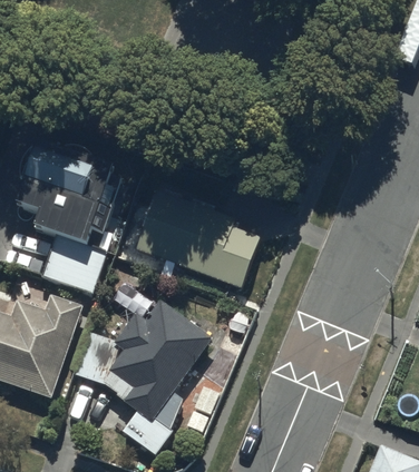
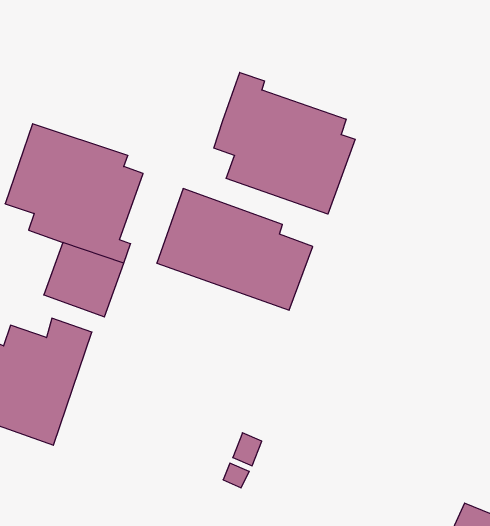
building: none -> [214,72,355,214]
building: [75,301,212,453] -> none

